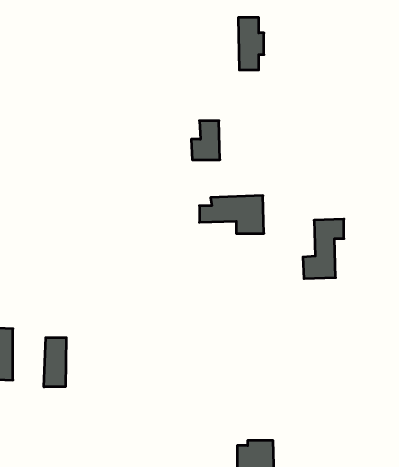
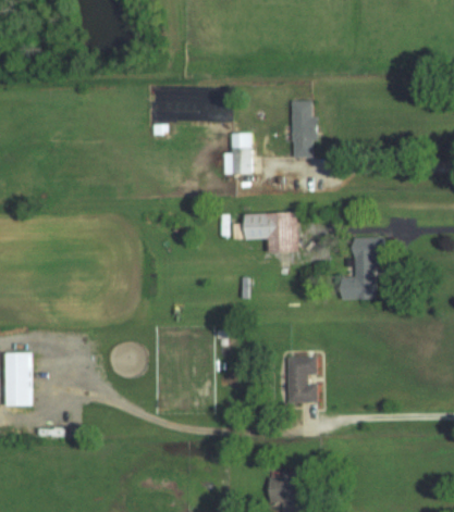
building: [238,18,264,70] -> [290,101,317,157]
building: none -> [285,357,316,402]
building: [44,338,66,387] -> none

